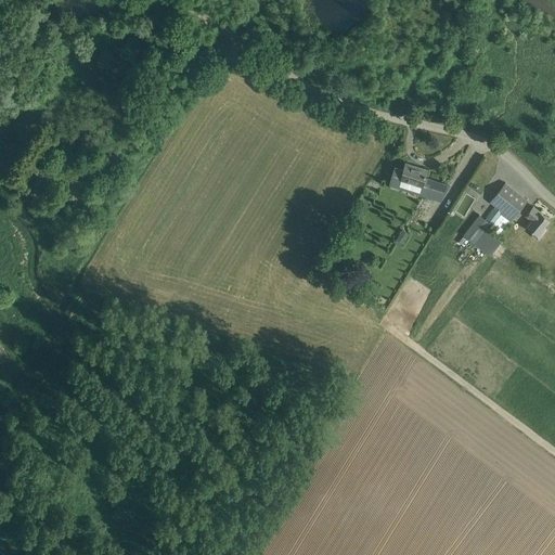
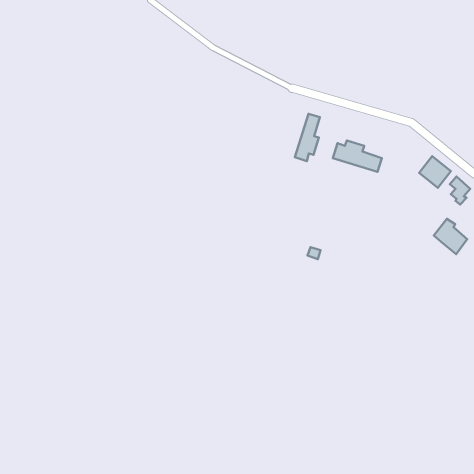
building: none -> [295,114,320,161]
building: [463,217,502,258] -> [434,219,467,254]

